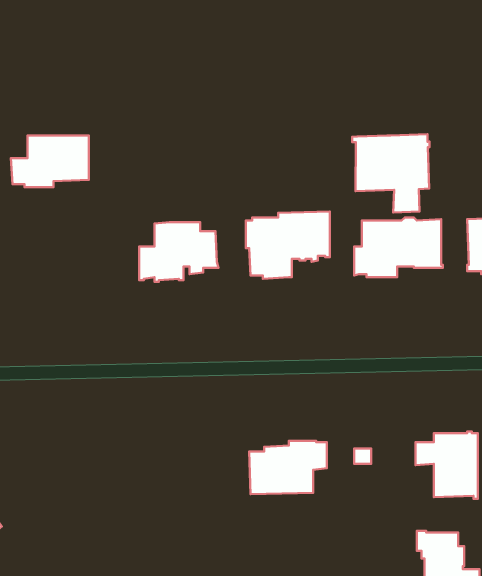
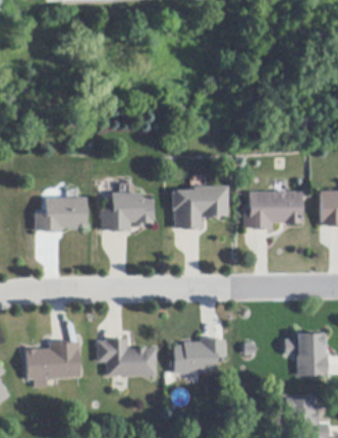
building: [352,134,430,212] -> none
building: [11,135,89,187] -> [34,198,86,232]
building: none -> [98,338,157,376]
building: none -> [24,340,79,387]

